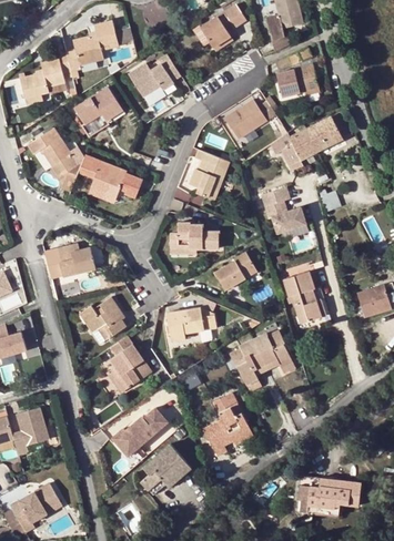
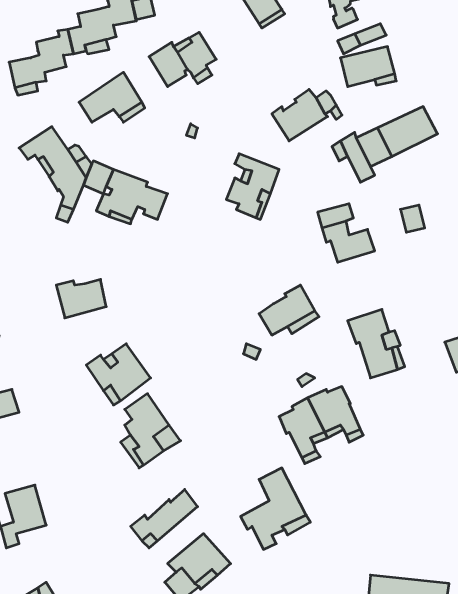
building: [169,222,218,248] -> none
building: [165,307,215,334] -> none

